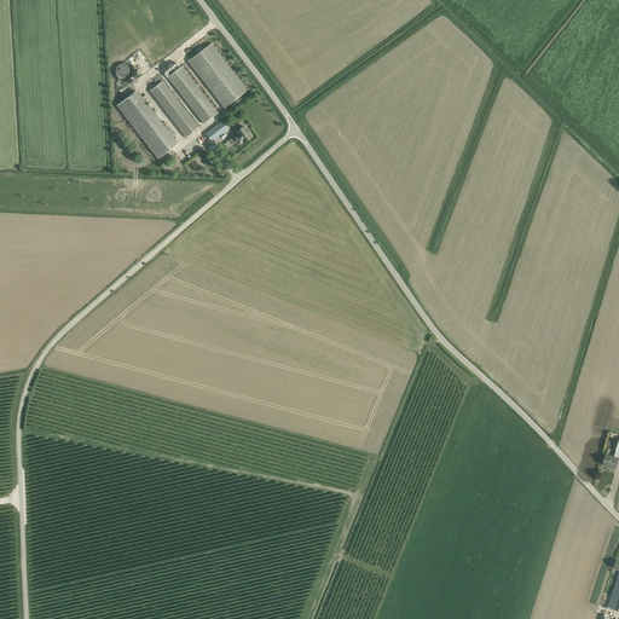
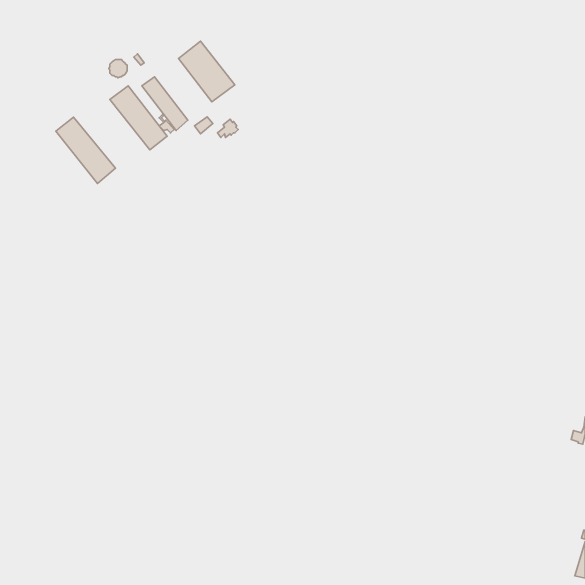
building: [168,66,218,123] -> none
building: none -> [56,117,115,184]

